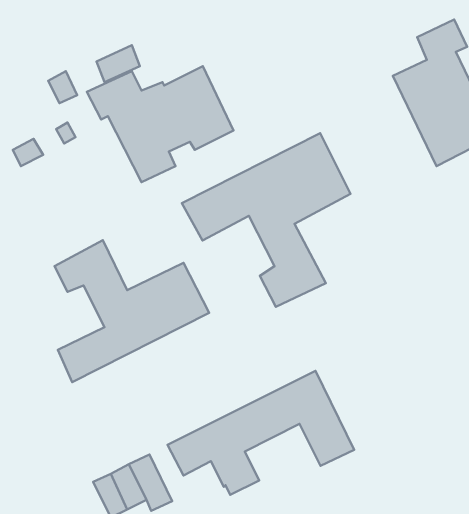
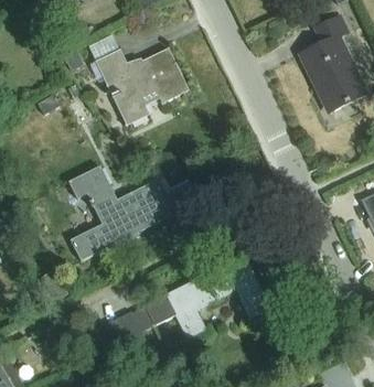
building: [182,133,351,307] -> none

